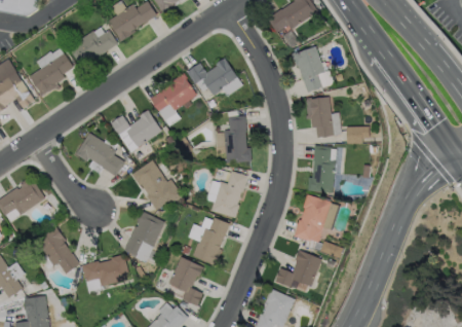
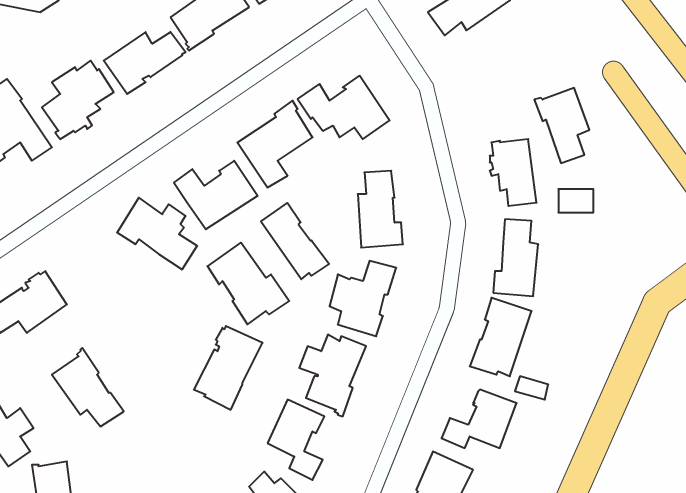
building: [291,45,324,92] -> [534,88,589,163]
building: none -> [261,203,329,279]
building: [82,254,130,292] -> none

